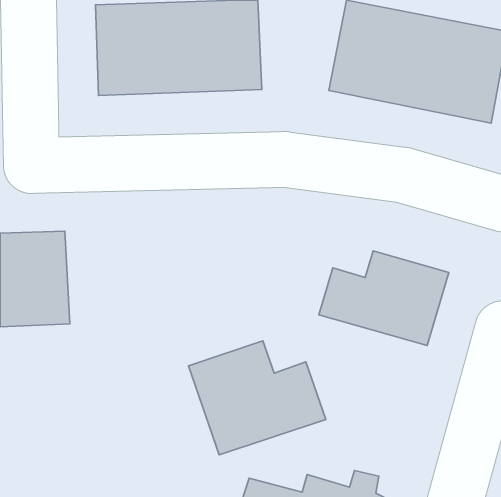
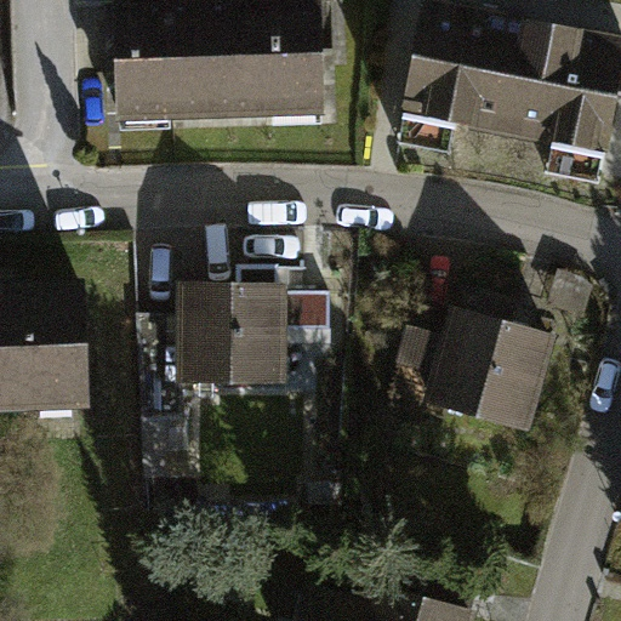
building: none -> [142,272,337,426]
building: [188,341,326,455] -> none

